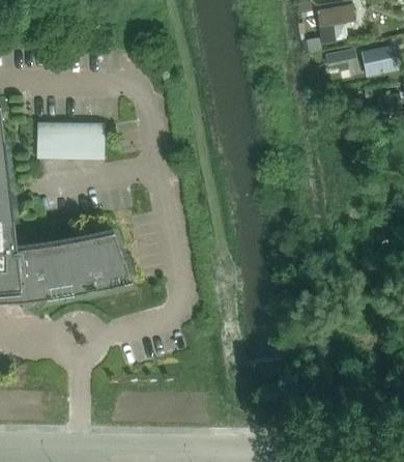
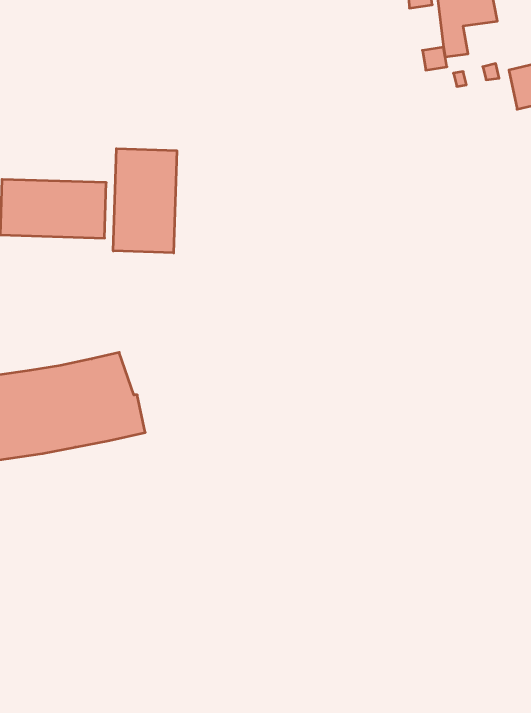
building: none -> [113,149,177,253]

